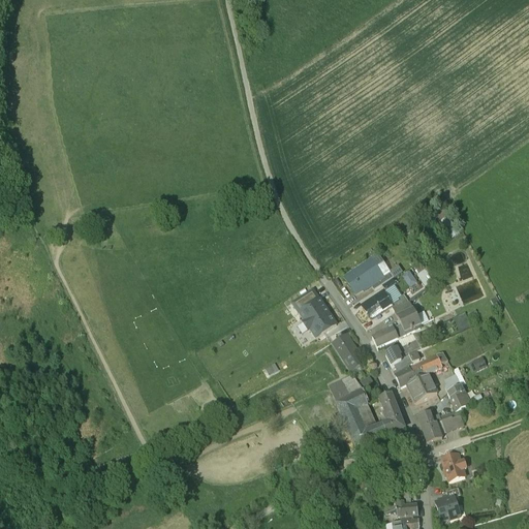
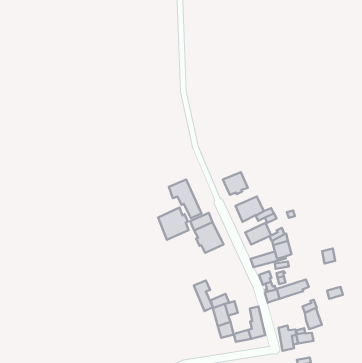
building: none -> [223,172,248,195]
building: none -> [169,180,201,218]
building: none -> [158,208,189,240]
building: [333,333,360,370] -> [194,280,213,311]
building: [409,372,436,401] -> none

